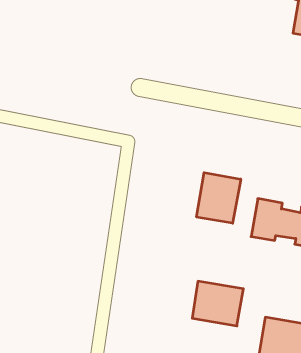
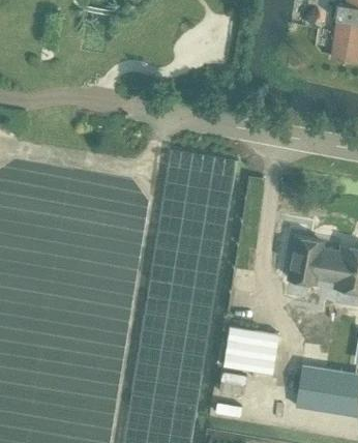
building: [197,173,241,223] -> none

